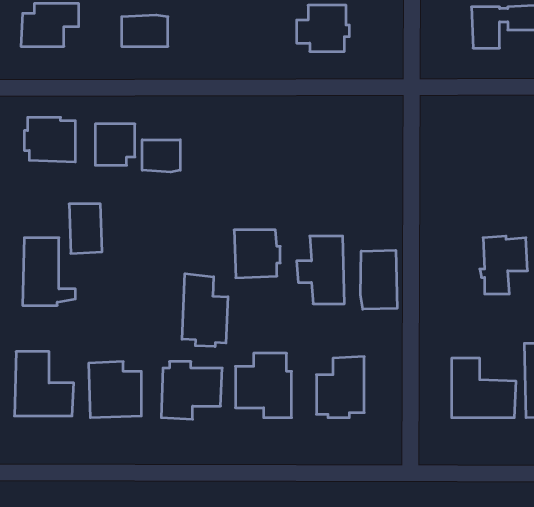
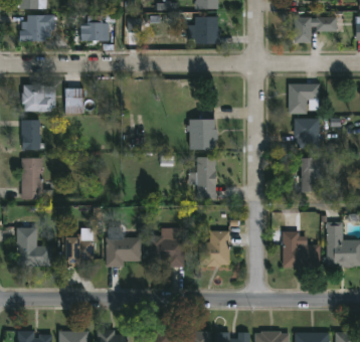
building: none -> [289,83,320,113]
building: [142,140,180,172] -> none
building: none -> [295,118,321,147]
building: [69,204,102,253] -> [21,120,41,150]
building: [234,230,280,278] -> [190,119,218,148]
building: [360,250,397,309] -> none
building: [182,274,228,347] -> none

